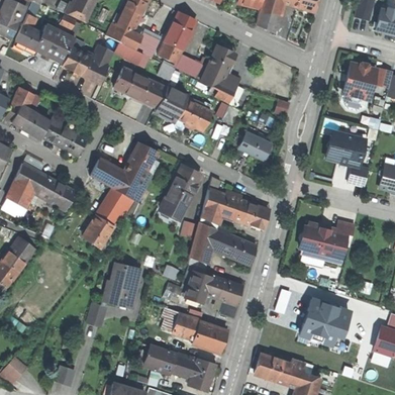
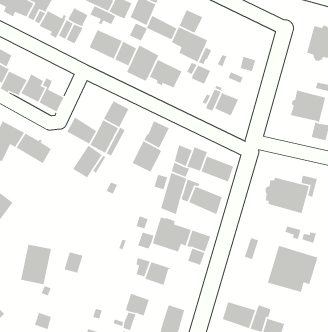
building: [82,215,113,249] -> none
building: [106,263,139,306] -> [20,244,52,285]
building: [191,321,227,352] -> none
building: [172,353,197,377] -> none

